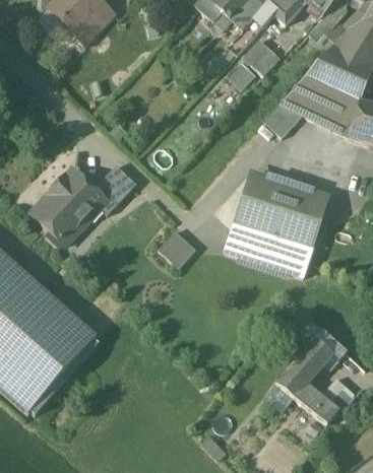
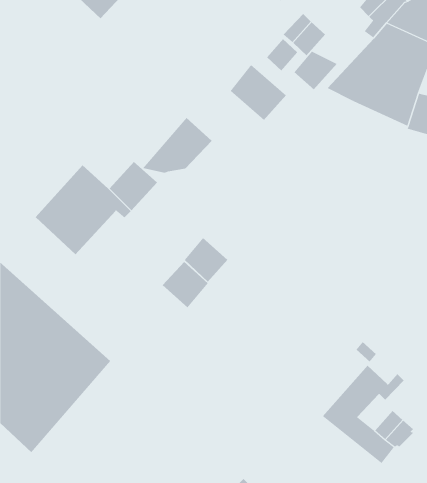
building: none -> [230,64,287,121]
building: [265,103,303,136] -> [294,51,338,90]
building: none -> [142,117,212,174]
building: [225,174,330,276] -> none
building: none -> [162,261,208,308]

